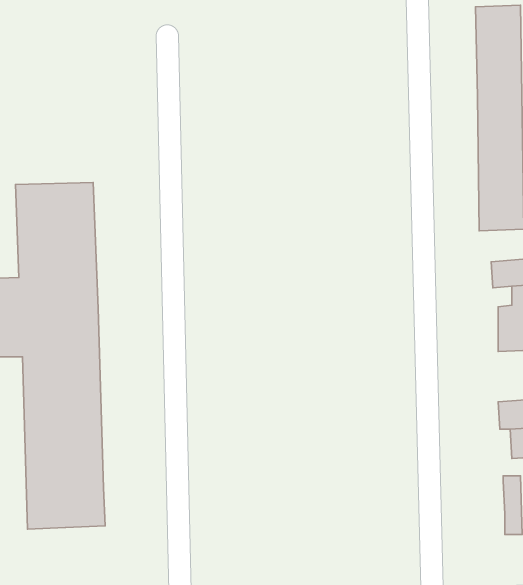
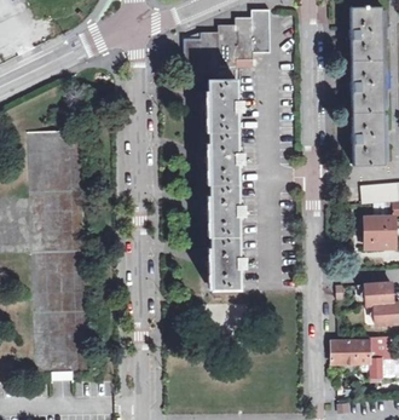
building: none -> [185,10,270,81]
building: none -> [207,80,244,289]
building: none -> [331,340,370,364]

